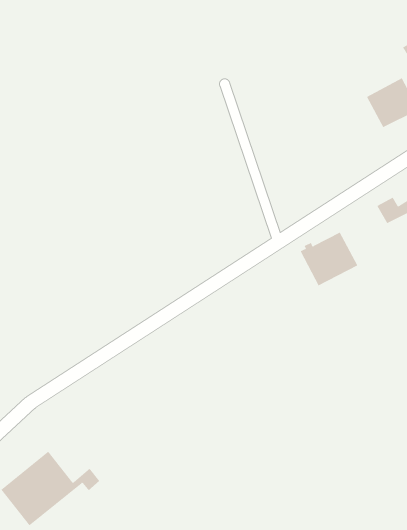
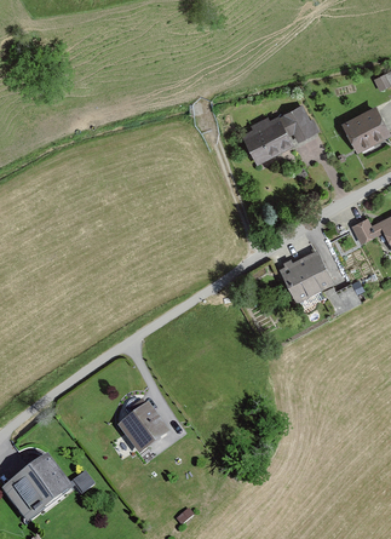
building: none -> [243,104,322,164]
building: none -> [119,403,168,453]

